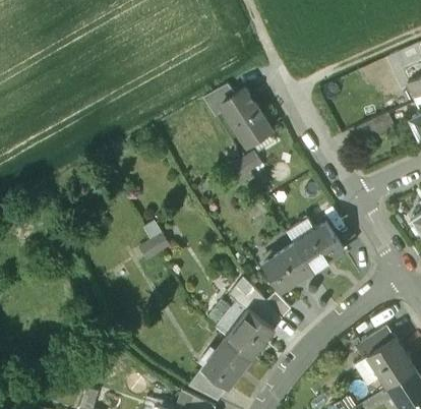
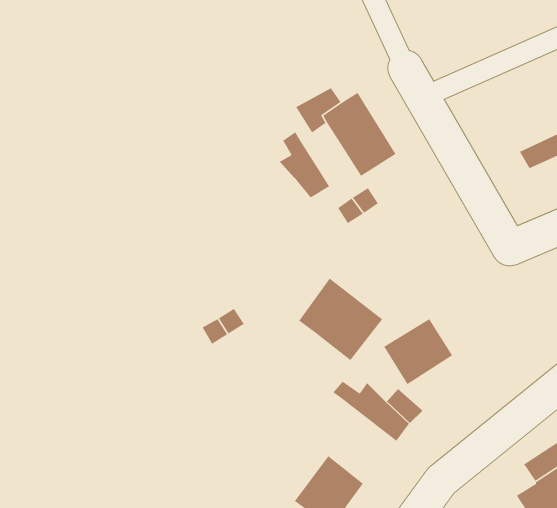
building: none -> [279,131,330,199]
building: [295,222,343,268] -> none
building: [215,298,273,355] -> [298,278,383,361]

